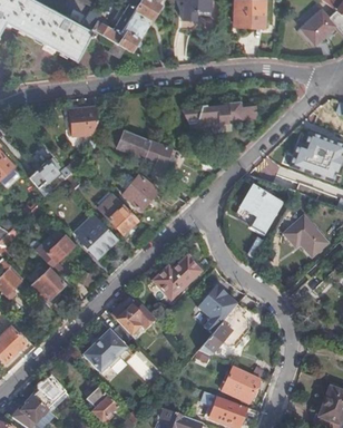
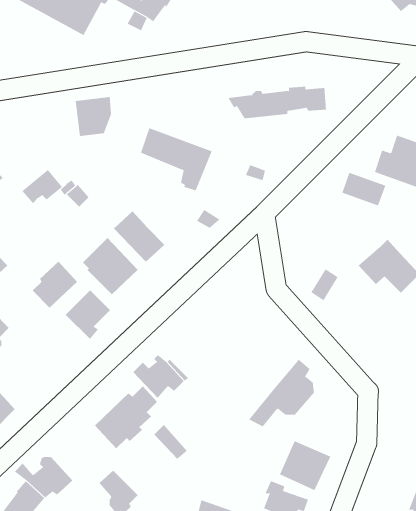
building: [121,175,157,208] -> none
building: [238,186,282,235] -> none
building: [154,256,200,300] -> none
building: [29,268,63,305] -> [65,290,111,340]
building: [198,290,237,325] -> none

